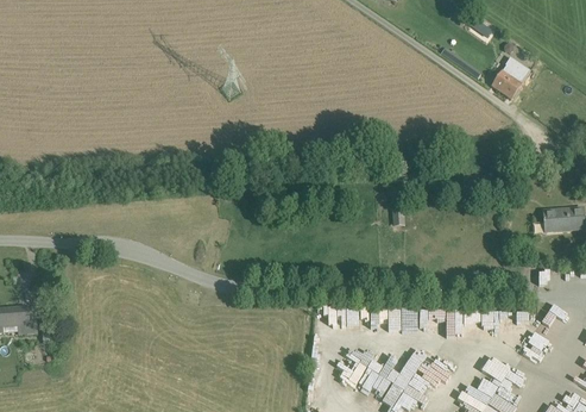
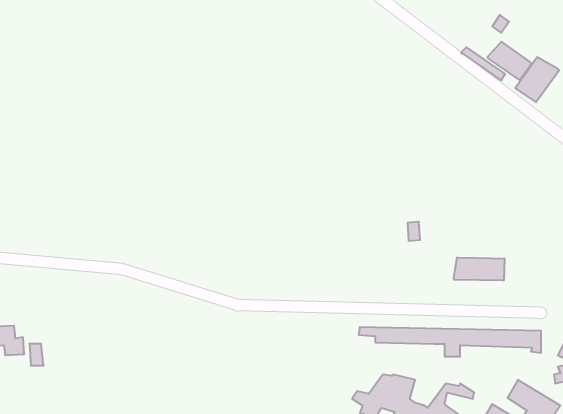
building: none -> [488,42,532,80]
building: none -> [454,257,505,281]

